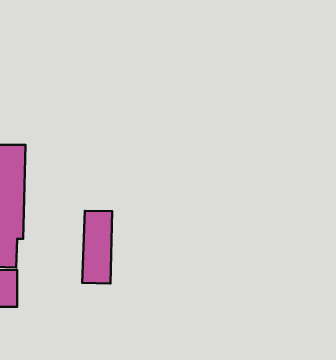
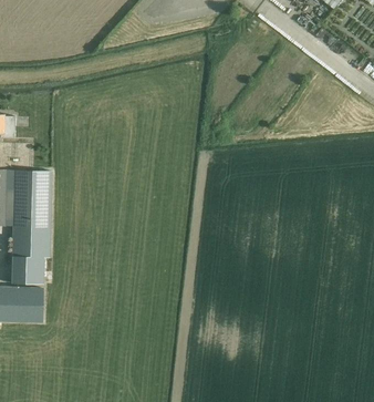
building: [82,211,112,283] -> none

